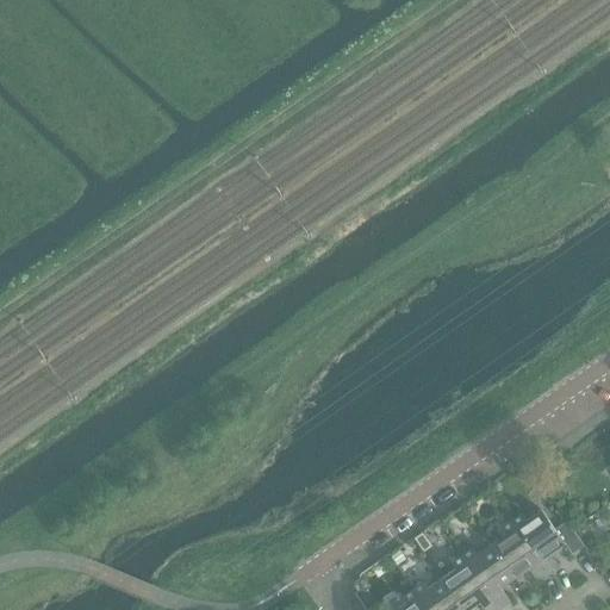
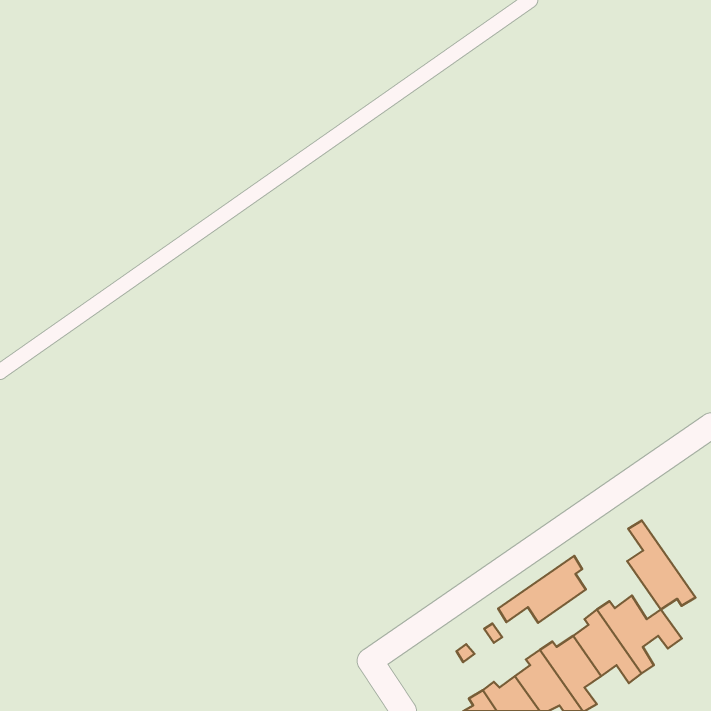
building: none -> [627,520,696,609]
building: none -> [498,556,586,623]

